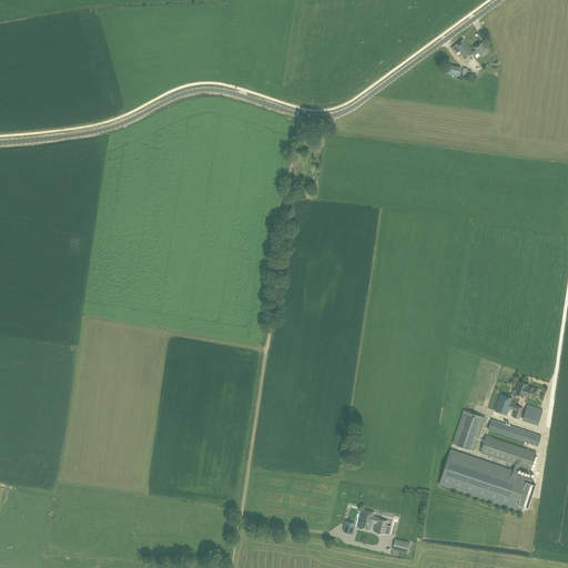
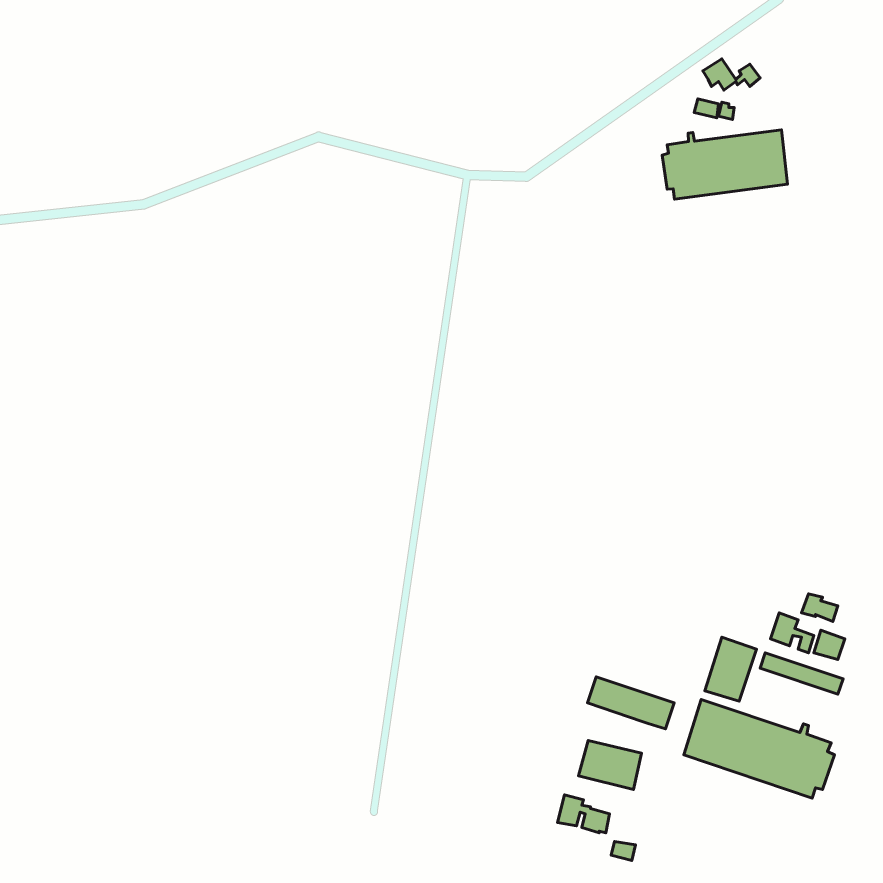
building: none -> [662,130,788,199]
building: [479,435,535,468] -> [588,677,674,729]
building: none -> [579,740,642,789]

